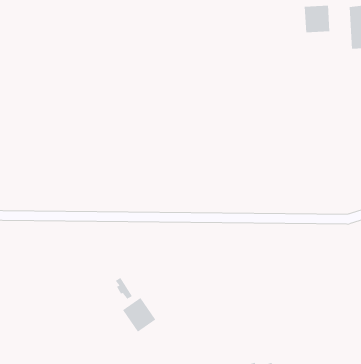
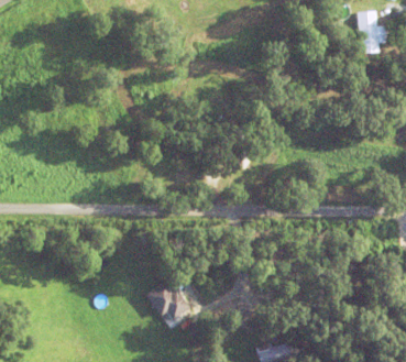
building: [304,5,330,33] -> none

